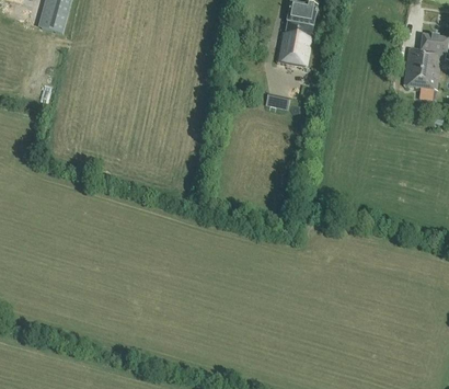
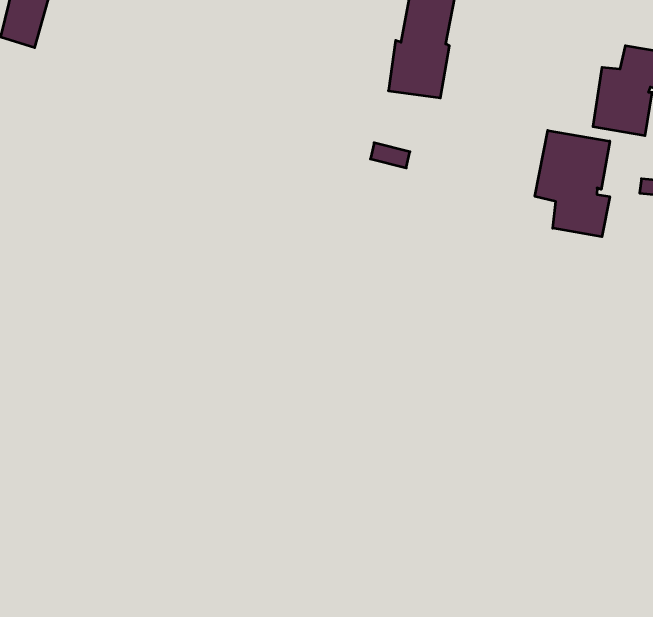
building: none -> [535,130,610,237]

